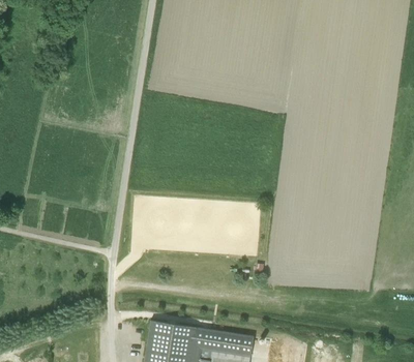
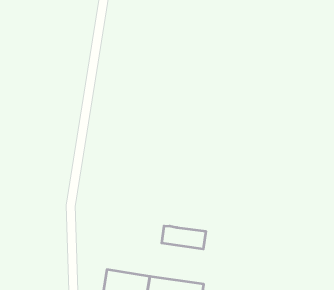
building: none -> [162,226,206,249]

